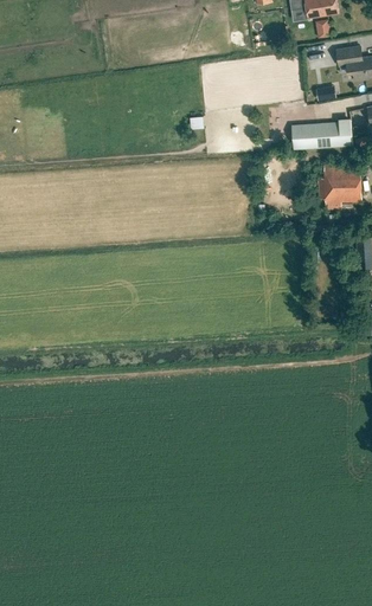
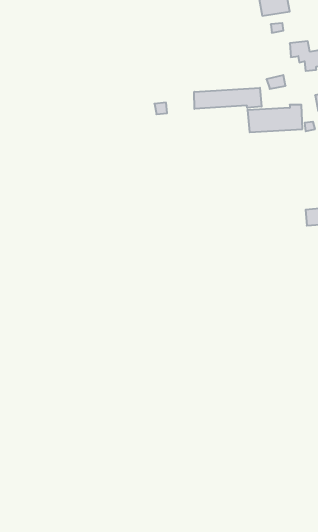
building: none -> [194,88,262,109]
building: [319,161,361,209] -> none

